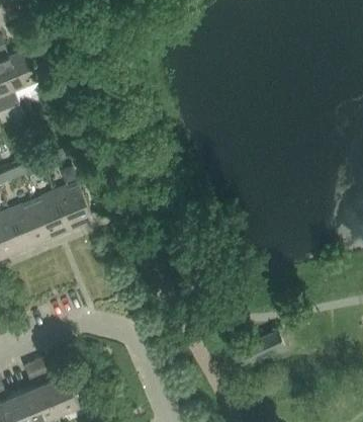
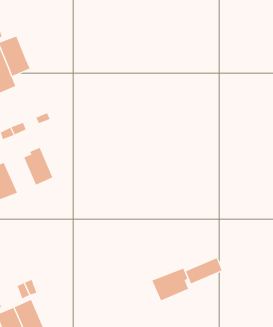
building: [53,181,92,230] -> none
building: [7,204,47,249] -> none
building: none -> [152,268,189,301]
building: [41,374,78,414] -> none

